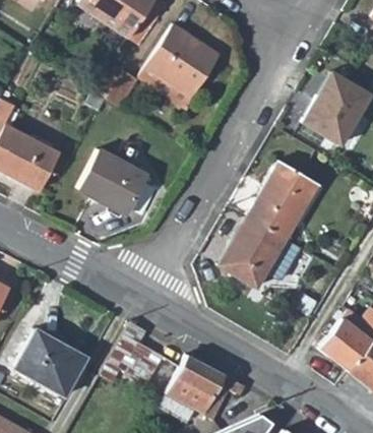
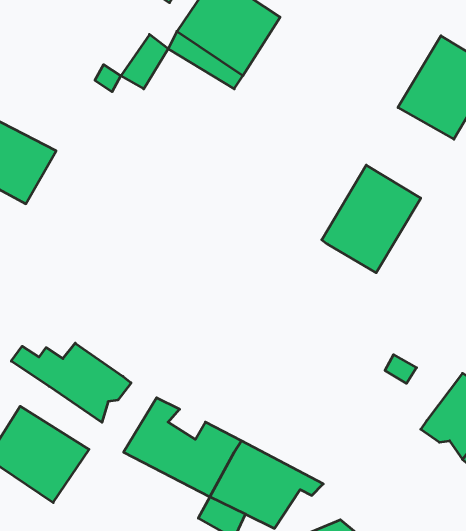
building: [80,149,148,211] -> none
building: [224,218,288,287] -> none
building: none -> [11,343,131,422]

